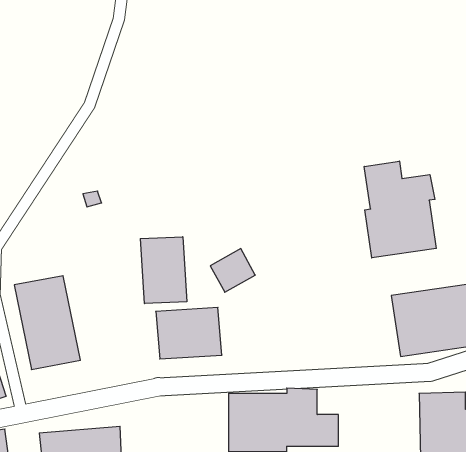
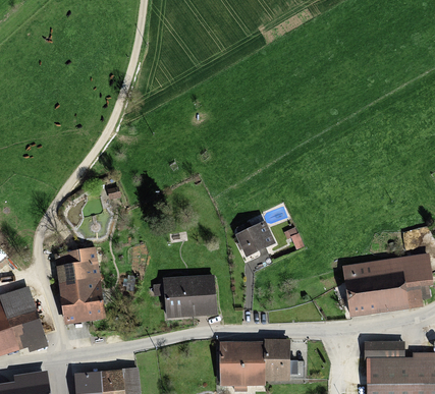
building: [364,161,436,258] -> none
building: [140,237,187,304] -> none
building: [210,249,255,292] -> [237,221,272,255]

